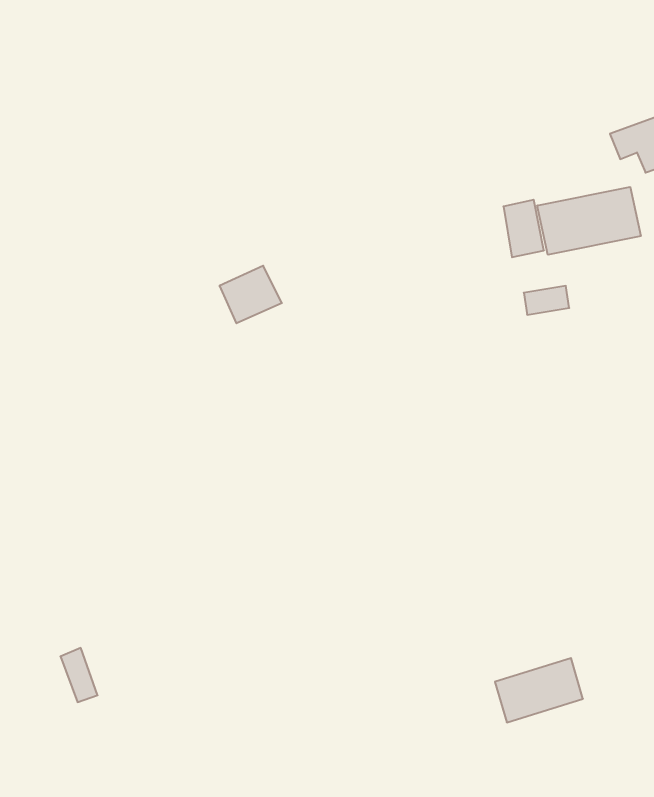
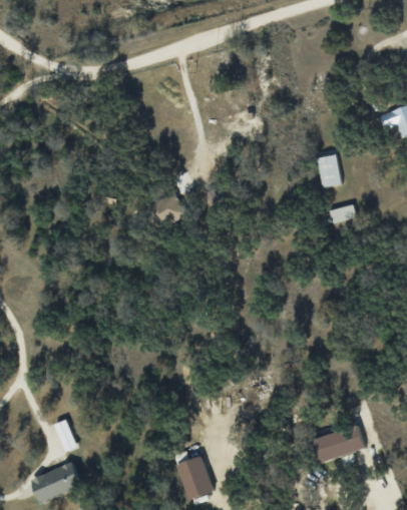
building: [537,187,641,255] -> none
building: none -> [176,456,213,500]
building: none -> [29,462,81,502]

